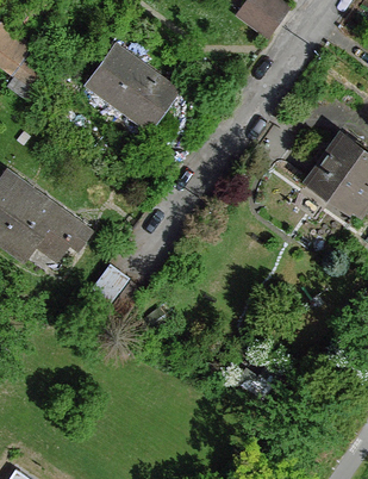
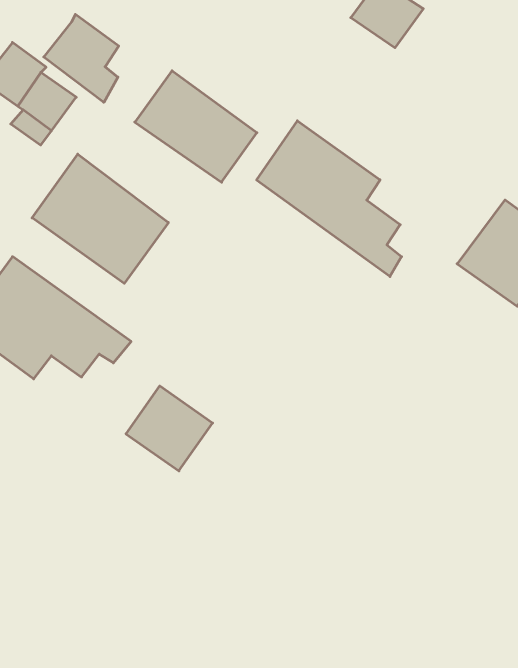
building: none -> [44,14,119,102]
building: none -> [257,121,402,277]
building: none -> [32,154,168,283]

